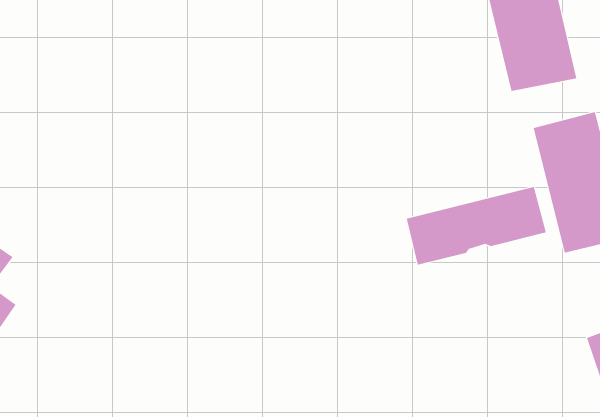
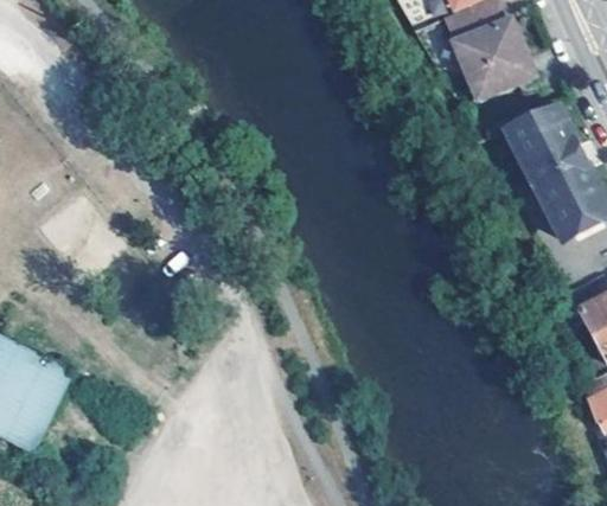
building: [406,186,546,266] -> none

